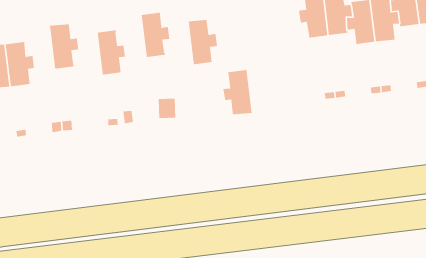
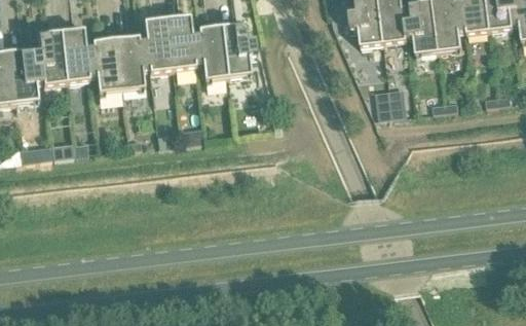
building: none -> [138,17,173,71]
building: none -> [32,30,66,83]
building: none -> [86,38,121,92]
building: [223,69,253,115] -> [192,25,227,78]

